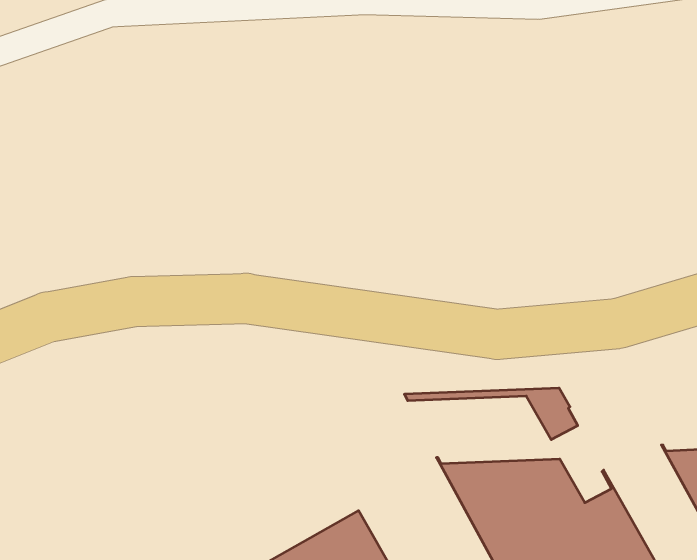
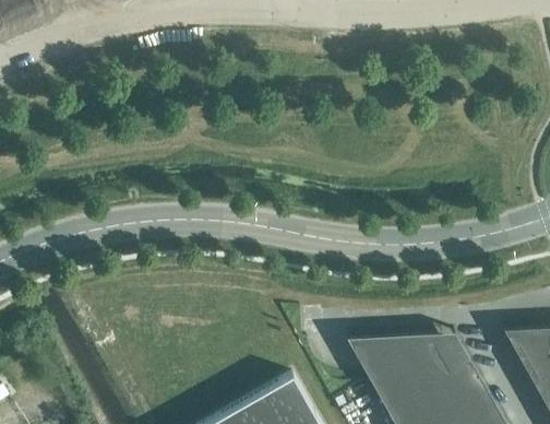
building: [404,388,578,440] -> [348,333,469,369]

